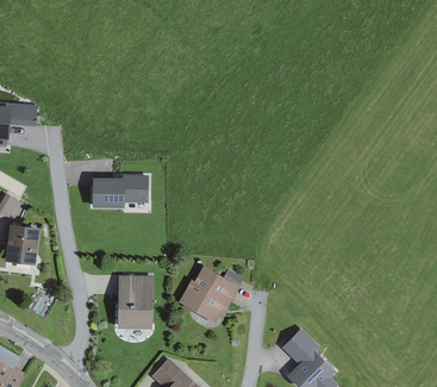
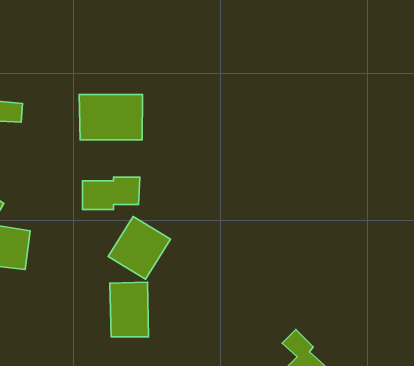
building: none -> [79,95,143,140]
building: [181,266,241,325] -> [108,217,170,279]

